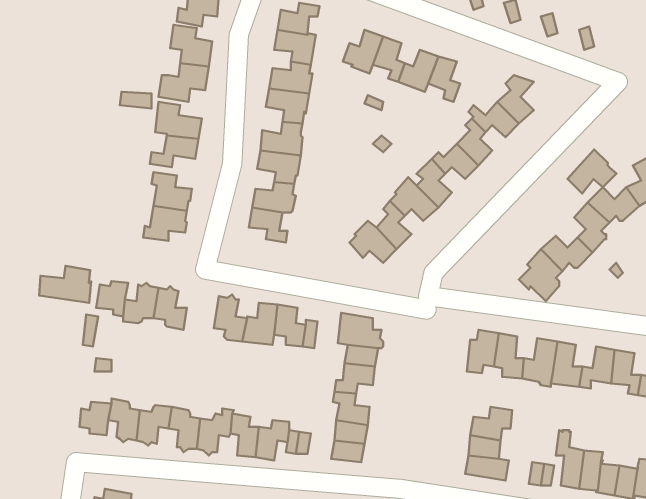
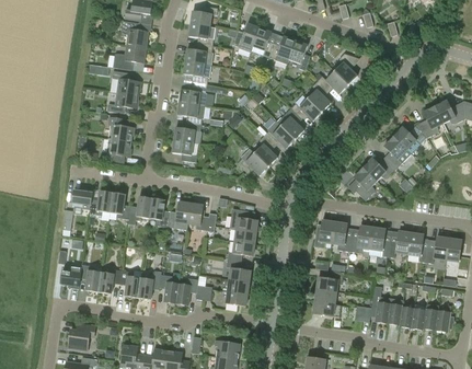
building: [567,150,617,193] -> none
building: [39,266,91,303] -> none
building: none -> [128,194,152,227]

